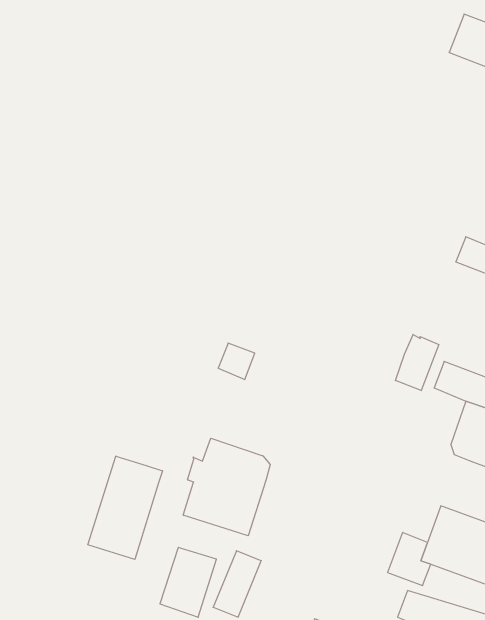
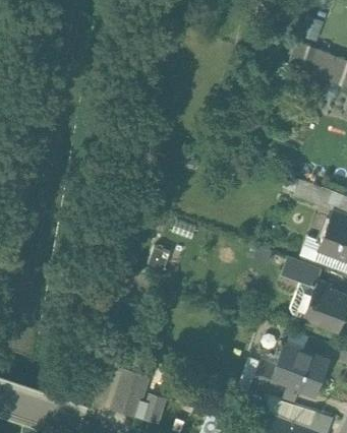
building: [395,334,439,391] -> none
building: [183,438,270,536] -> none
building: [88,456,163,559] -> none

